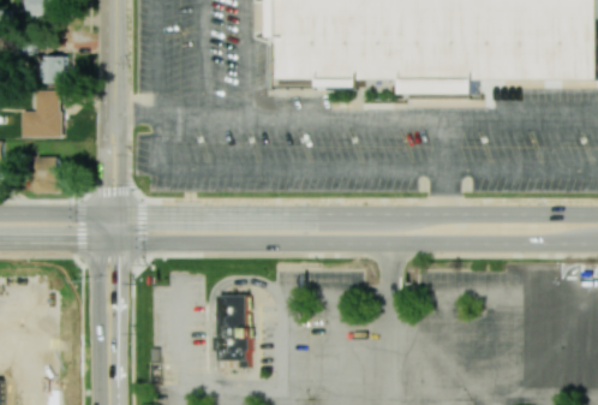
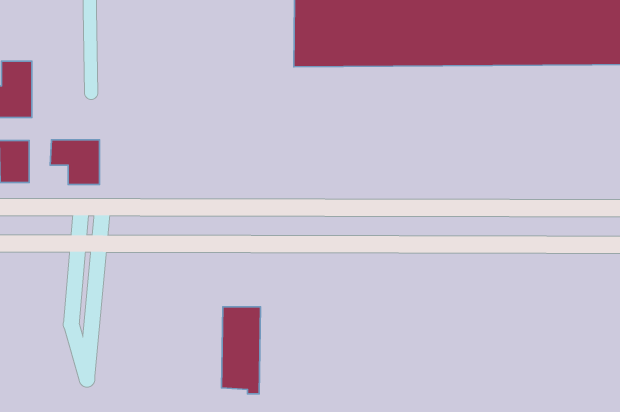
building: [40,54,60,81] -> none
building: none -> [50,140,100,185]

